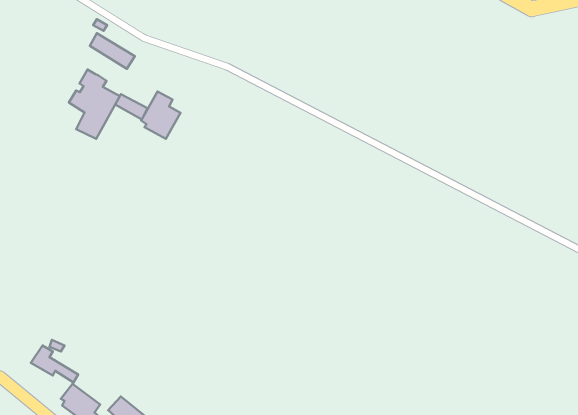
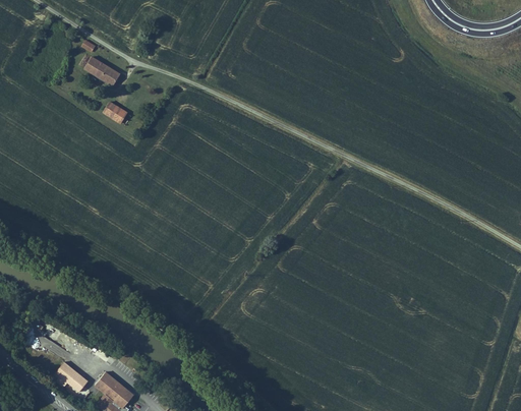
building: [69,70,120,139] -> none
building: [141,91,180,139] -> none

